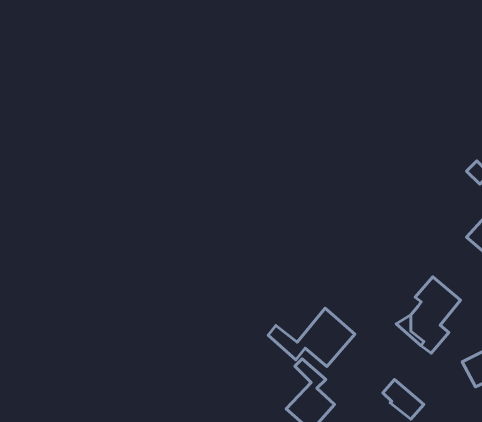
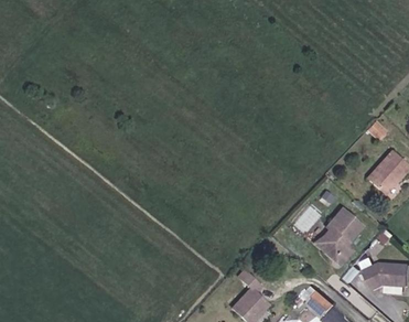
building: [268,308,355,366] -> none

